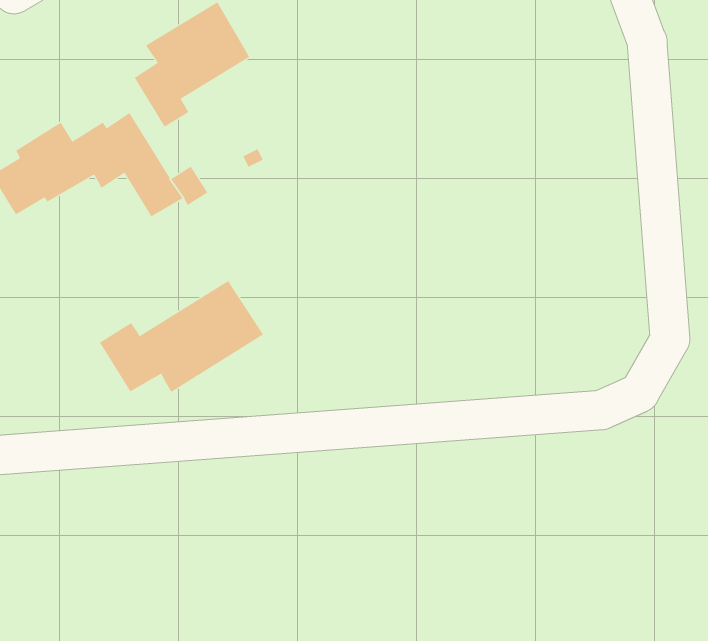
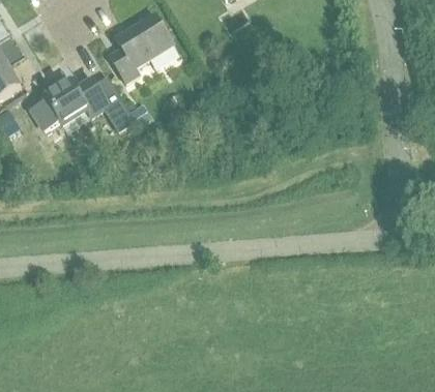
building: [99,280,264,393] -> none

